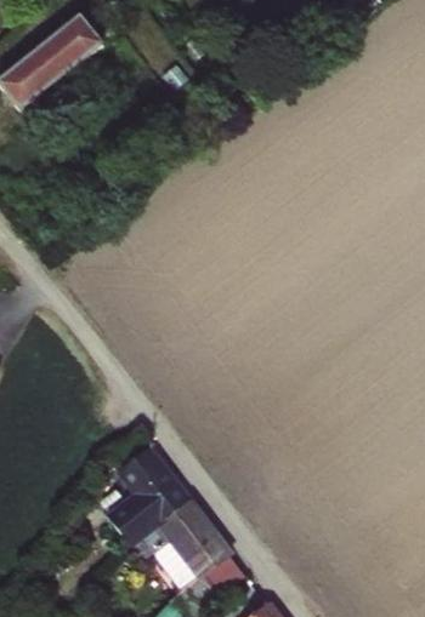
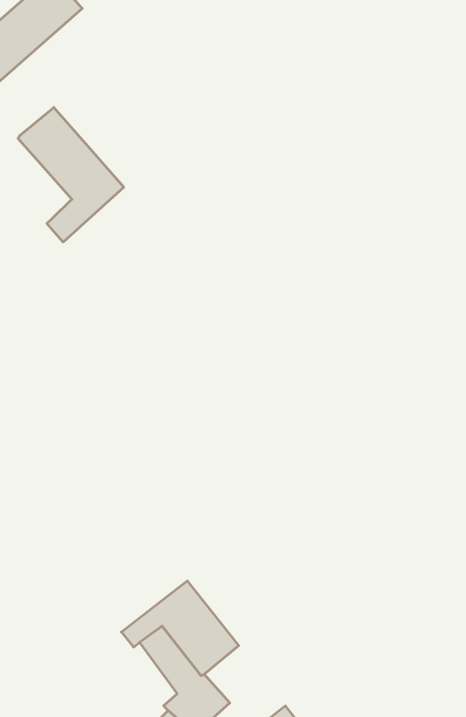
building: none -> [18,107,124,242]
building: [107,446,188,544] -> none

